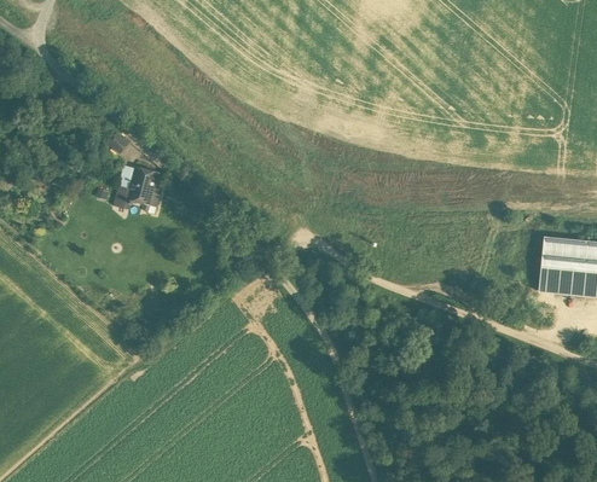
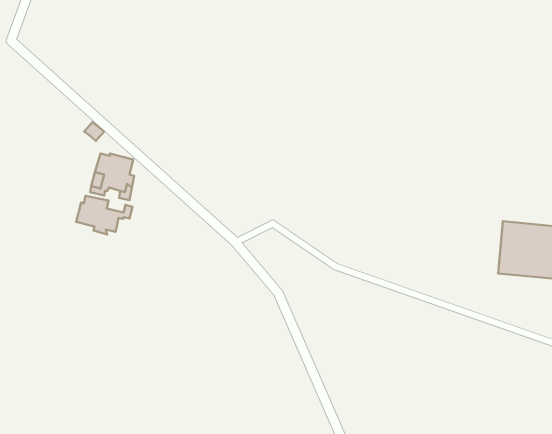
building: none -> [76,196,132,234]

